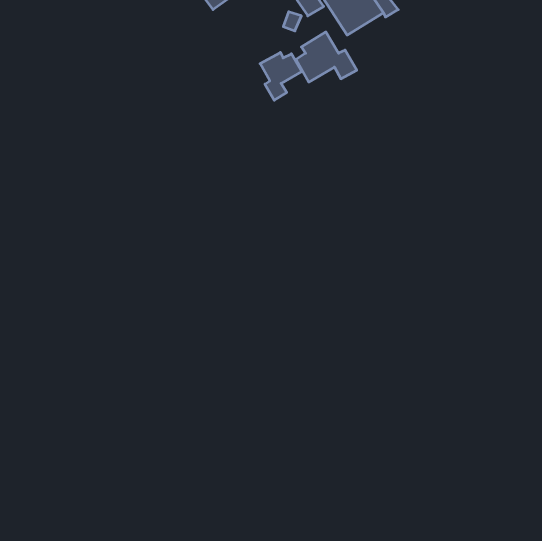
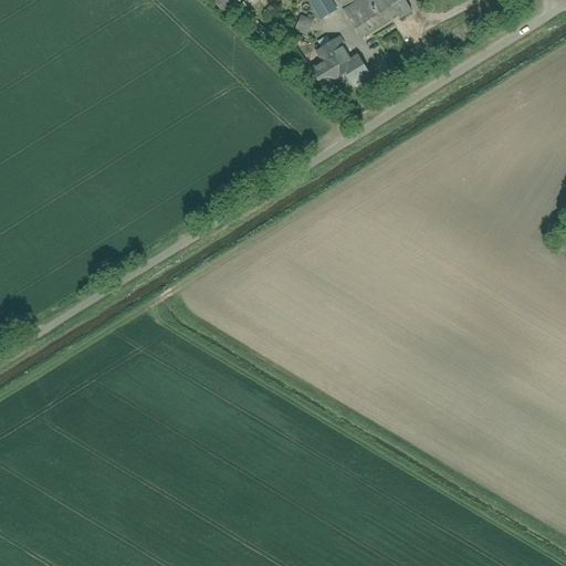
building: [260,52,302,100] -> none

